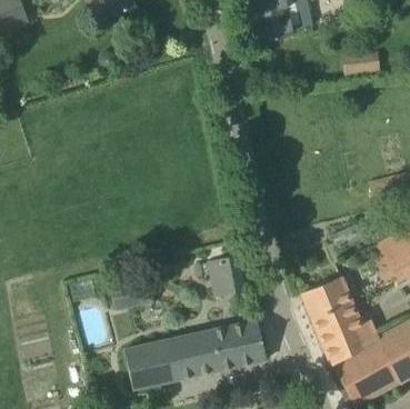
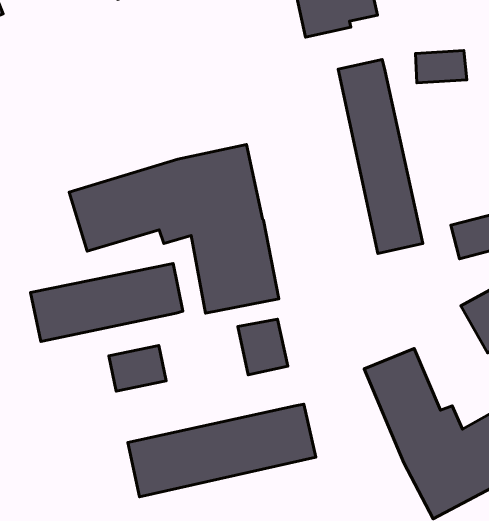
building: none -> [338,60,423,254]
building: none -> [69,144,279,313]
building: none -> [31,263,183,341]

